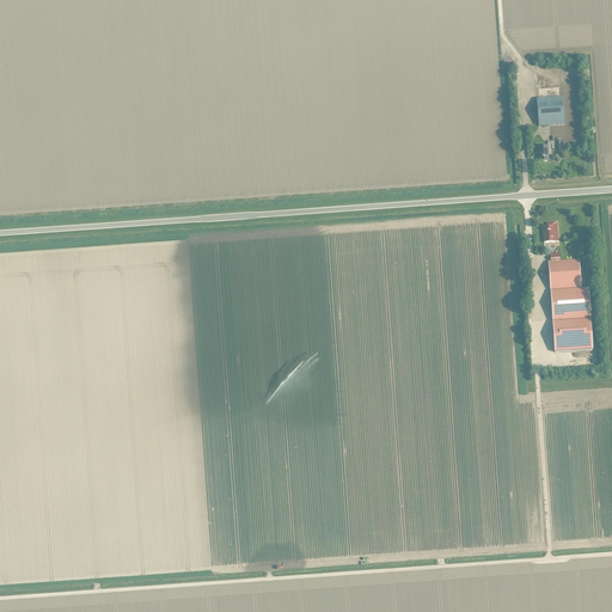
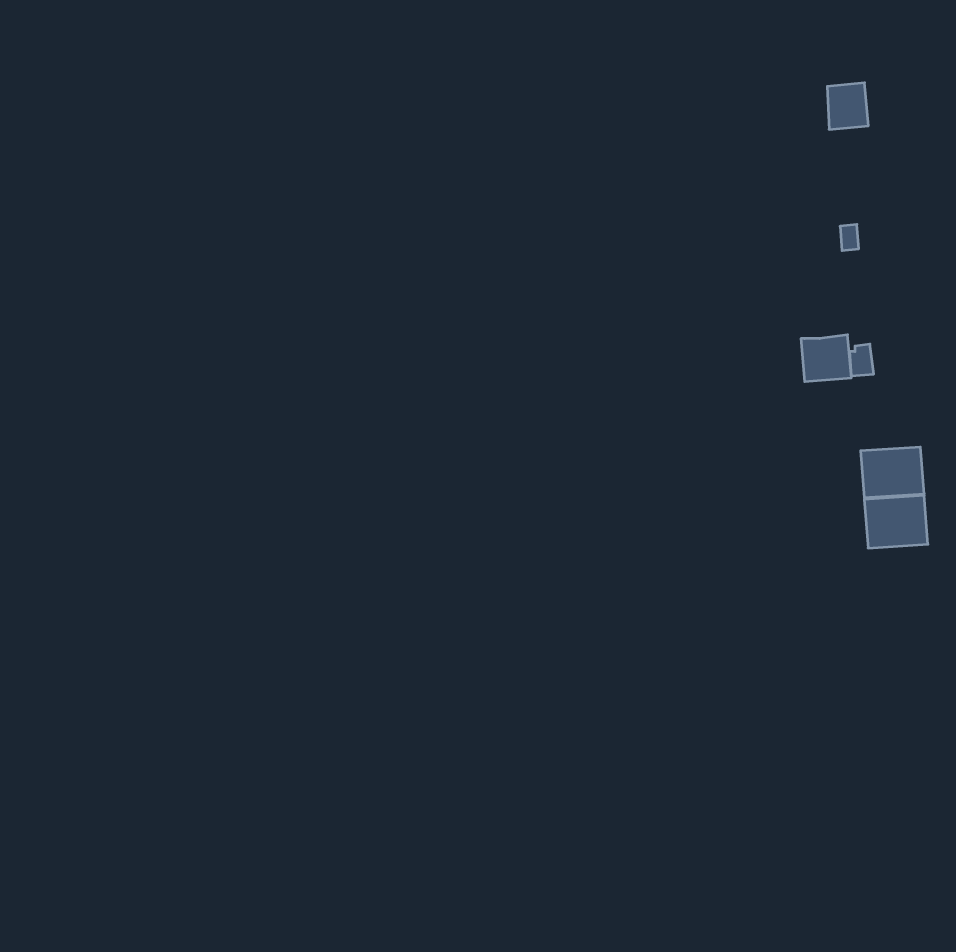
building: [537,94,563,124] -> [827,83,868,129]
building: [547,257,580,287] -> [801,335,851,382]

